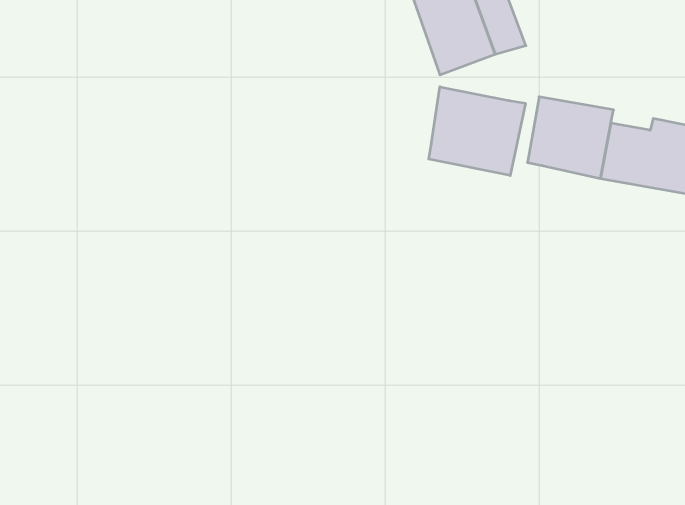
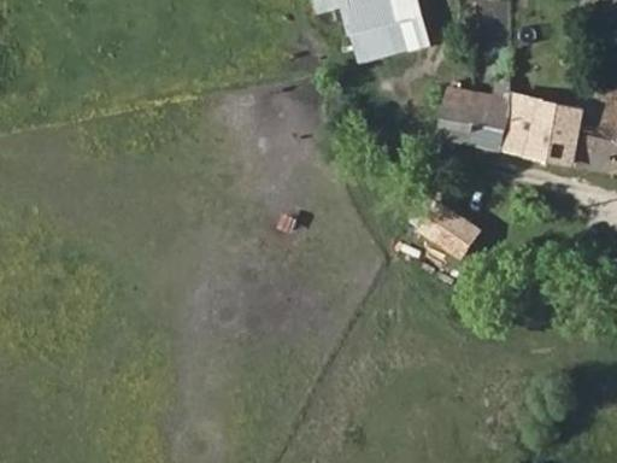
building: [429,87,525,176] -> none
building: none -> [416,195,481,260]

